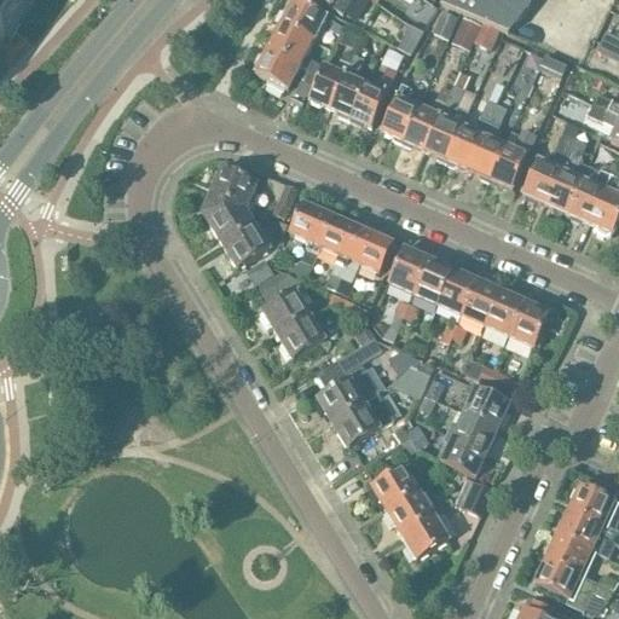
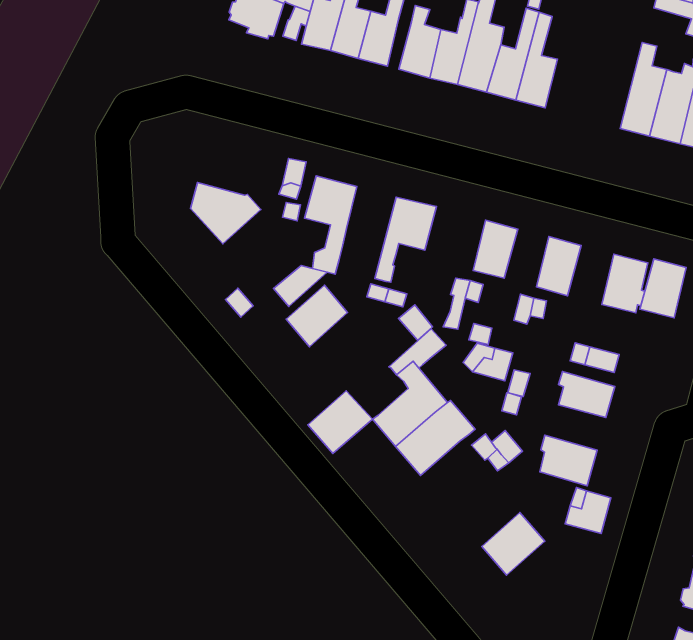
building: [522,118,578,202] -> none
building: [490,127,536,186] -> none
building: [210,166,259,207] -> none
building: [320,214,363,288] -> none
building: [222,220,272,267] -> none
building: [388,245,429,294] -> none
building: [436,267,476,314] -> none
building: [484,288,525,336] -> [640,259,686,318]
building: [277,311,328,358] -> [308,391,372,454]
building: [449,409,498,449] -> none
building: [371,464,420,509] -> none
building: [401,513,451,559] -> none

